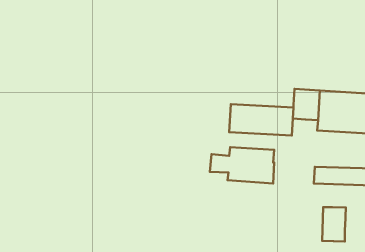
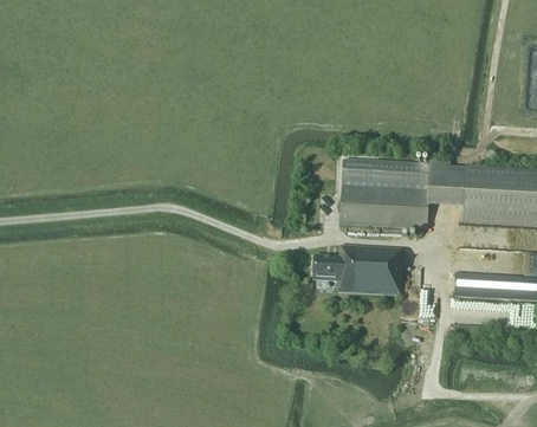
building: none -> [341,158,429,186]
building: [322,207,346,241] -> none

